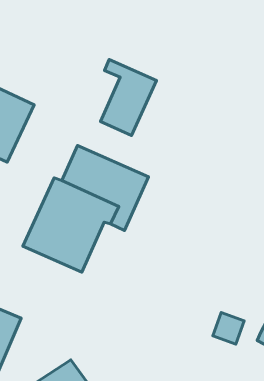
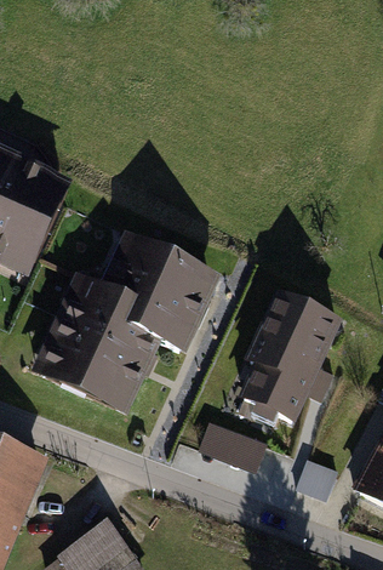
building: [100,59,156,136] -> none
building: none -> [240,295,344,427]
building: none -> [199,422,267,473]

